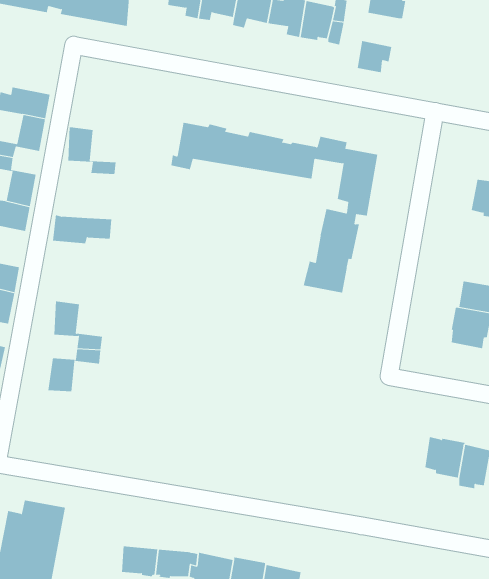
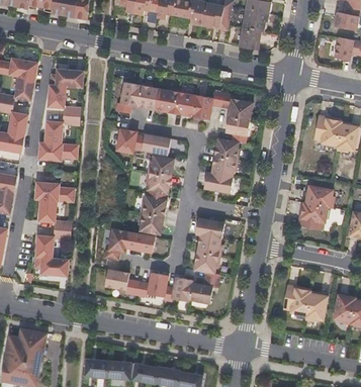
building: none -> [242,9,267,31]
building: none -> [51,69,84,87]
building: none -> [44,114,80,143]
building: none -> [104,127,174,260]
building: none -> [35,181,74,201]
building: none -> [105,217,224,303]
building: none -> [34,257,69,276]

